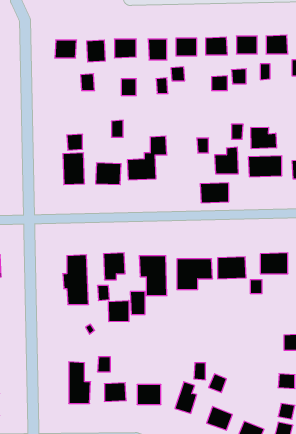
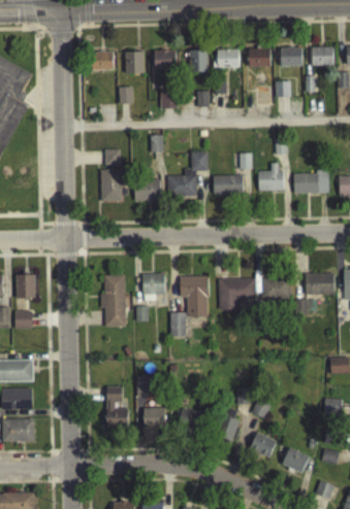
building: [251,127,277,149] -> none
building: [200,183,229,203] -> [213,174,243,195]
building: [109,300,129,322] -> none

